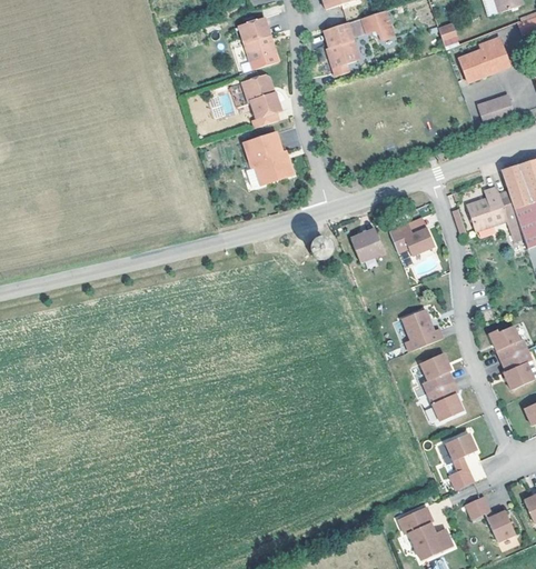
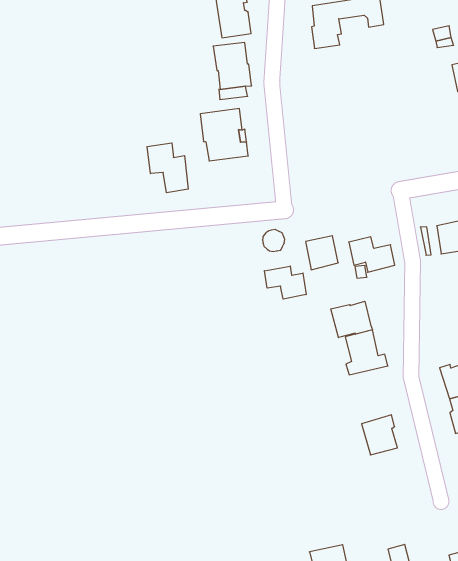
building: none -> [147,143,188,193]
building: none -> [264,266,306,299]
building: none -> [331,301,372,338]
building: [419,353,453,395] -> none
building: [447,432,478,490] -> none

